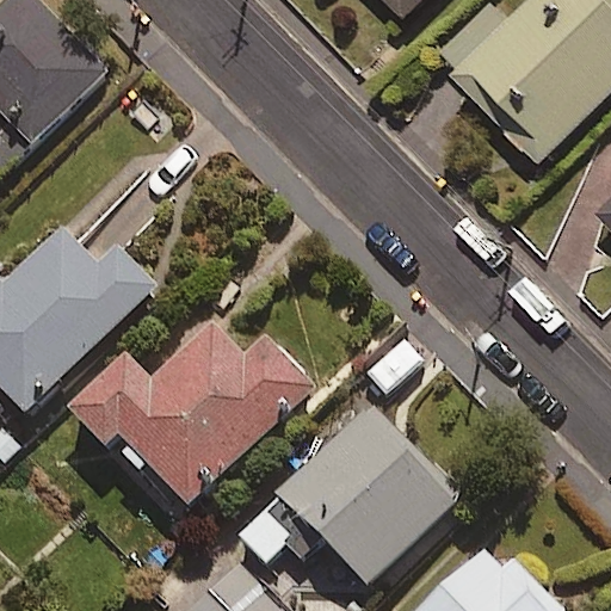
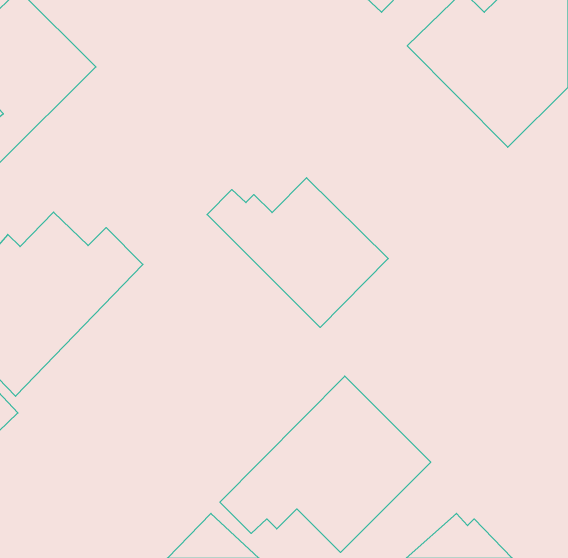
building: none -> [207,178,388,327]
building: [64,322,314,511] -> none

